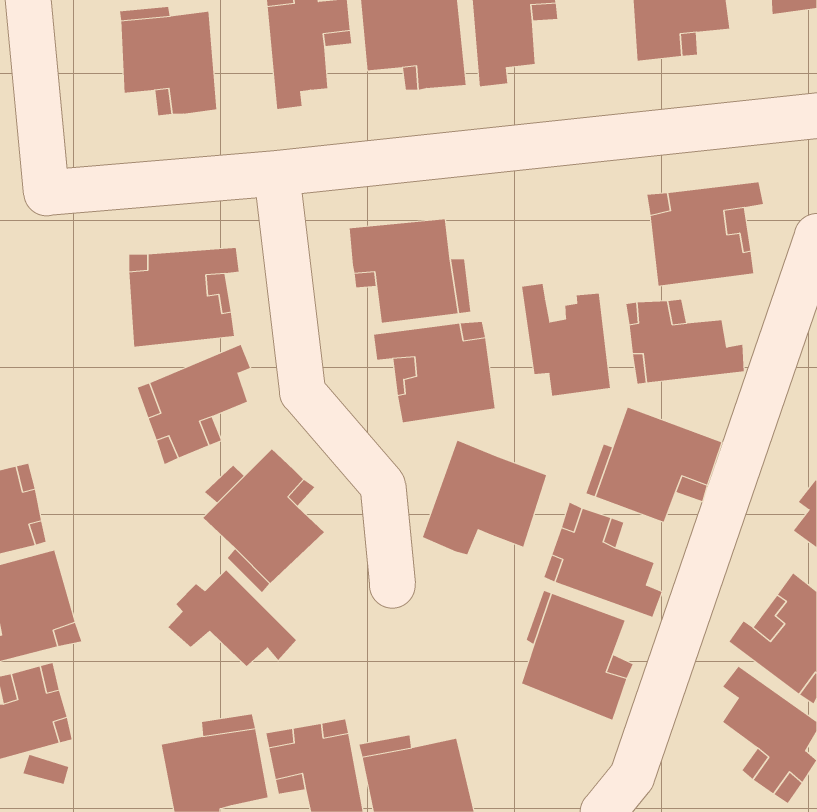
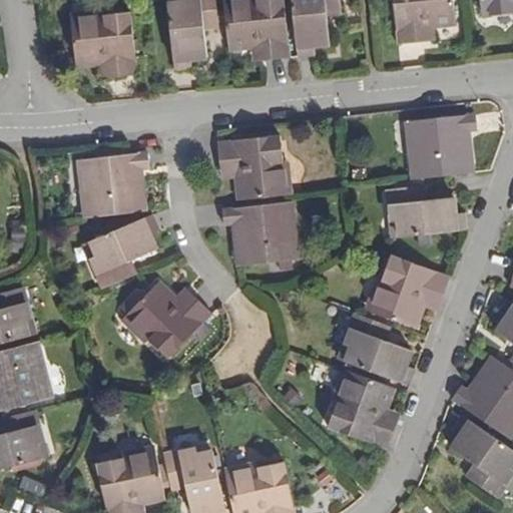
building: [521,283,611,397] -> none
building: [422,440,547,555] -> none
building: [168,569,297,667] -> none

